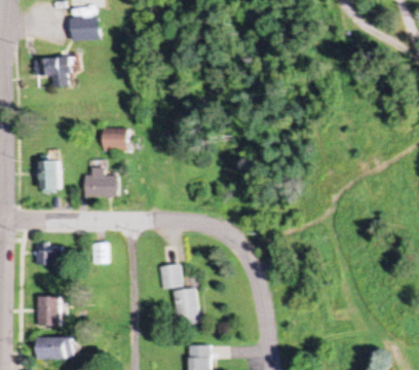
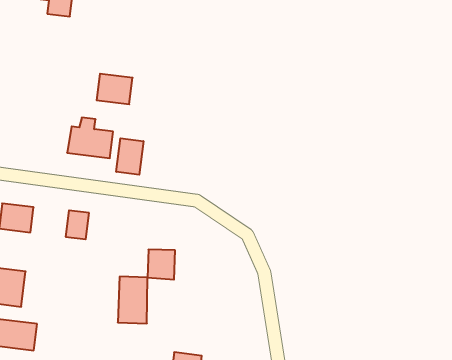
building: [38,159,56,188] -> none
building: none -> [116,138,143,175]
building: [173,287,199,326] -> [118,277,148,323]

